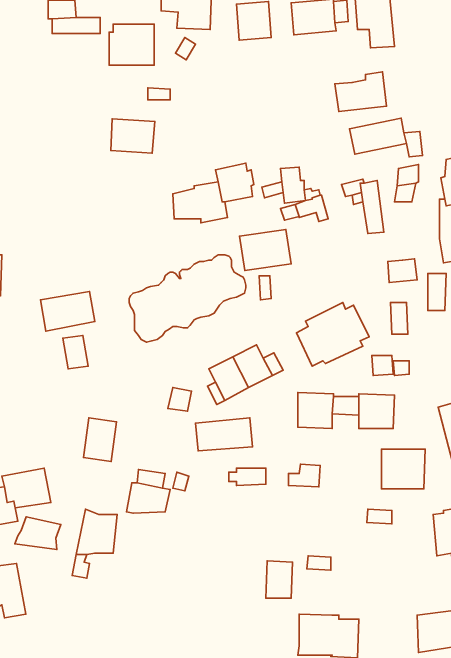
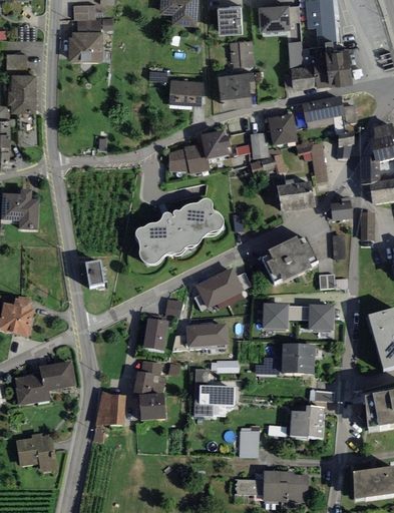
building: [109,24,154,65] -> [68,31,102,62]
building: none -> [230,41,254,67]
building: none -> [288,41,304,69]
building: none -> [325,42,352,88]
building: none -> [218,72,255,110]
building: [111,119,155,153] -> [169,80,203,106]
building: none -> [269,114,298,144]
building: [239,229,291,270] -> [277,180,316,211]
building: [41,292,95,331] -> none
building: [83,418,117,462] -> [143,317,168,350]
building: [381,449,425,489] -> [282,344,315,374]
building: none -> [194,368,235,416]
building: none -> [138,393,165,420]
building: [15,517,61,549] -> none
building: none -> [290,406,325,438]
building: none -> [235,479,264,494]

